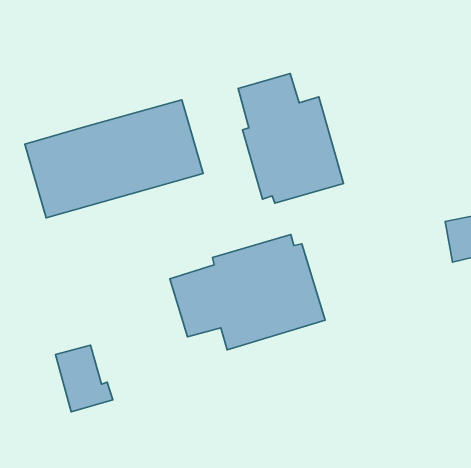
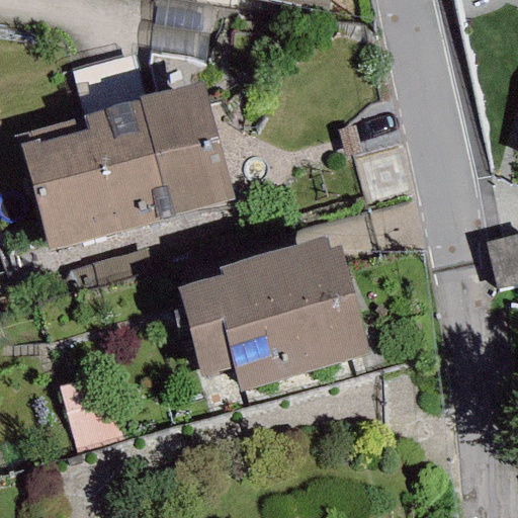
building: none -> [75,61,153,139]
building: [238,74,343,203] -> none

